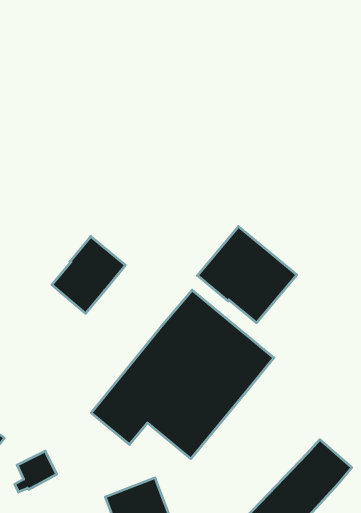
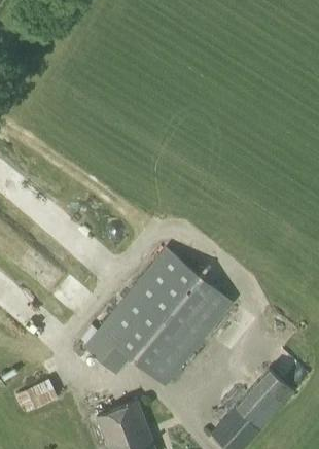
building: [197,226,297,323] -> none
building: [52,236,125,313] -> none

